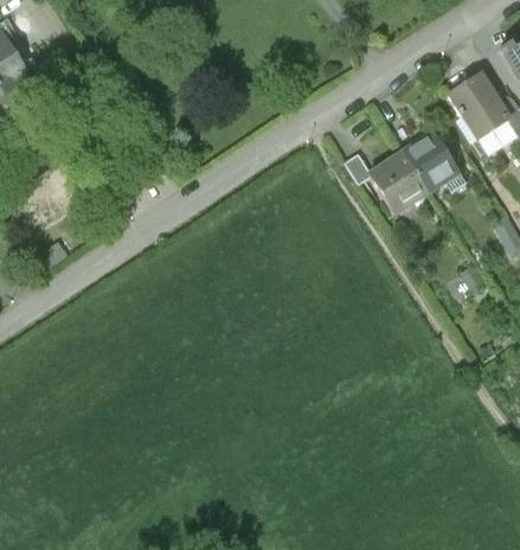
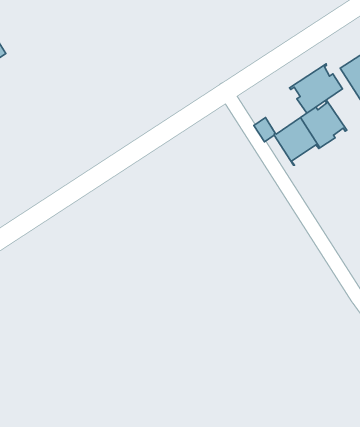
building: none -> [289,64,343,113]

